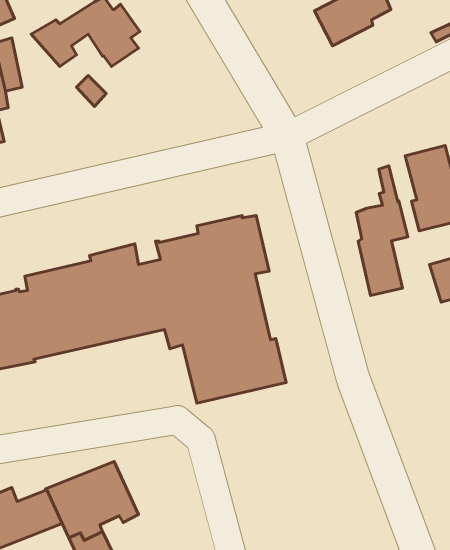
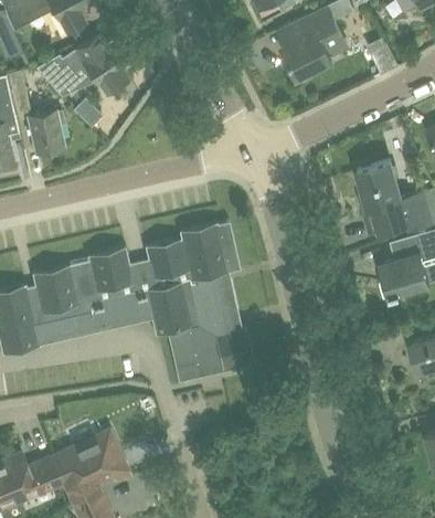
building: none -> [28,112,64,155]
building: [356,166,408,295] -> none

